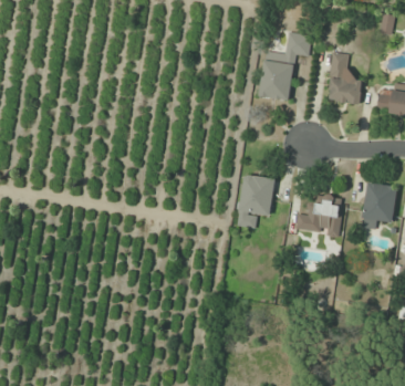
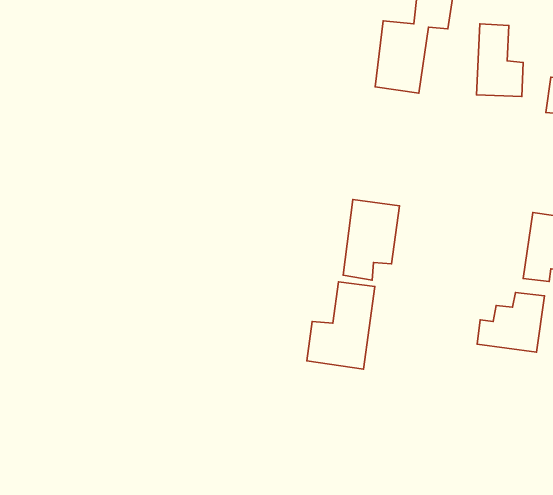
building: [295,195,342,236] -> [477,293,545,352]
building: none -> [307,282,375,369]

